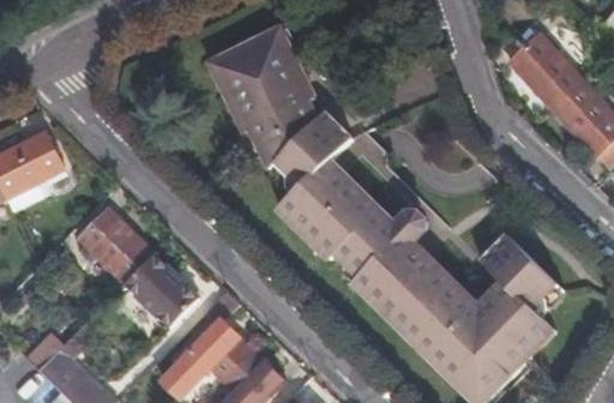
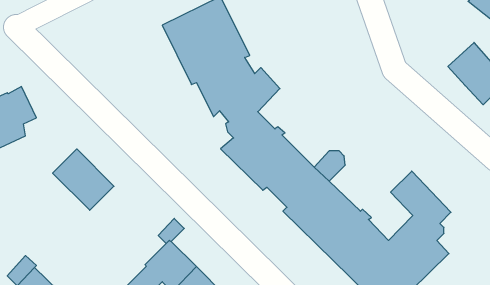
building: [507,35,582,109] -> none
building: [124,252,198,325] -> none

